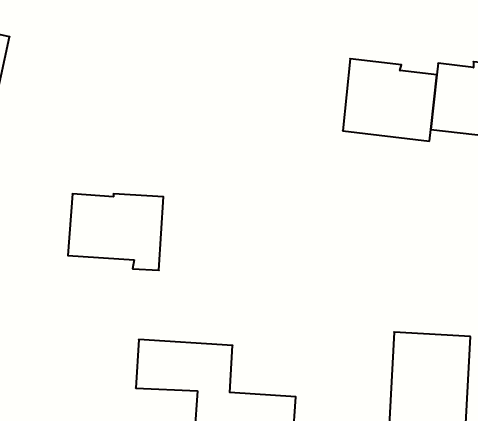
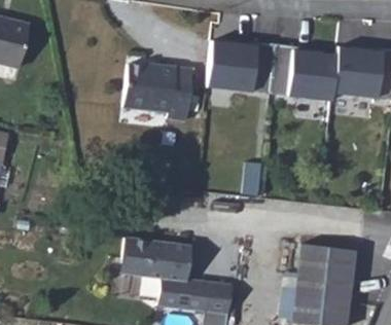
building: none -> [201,40,271,95]
building: [68,194,163,270] -> [126,67,192,120]

